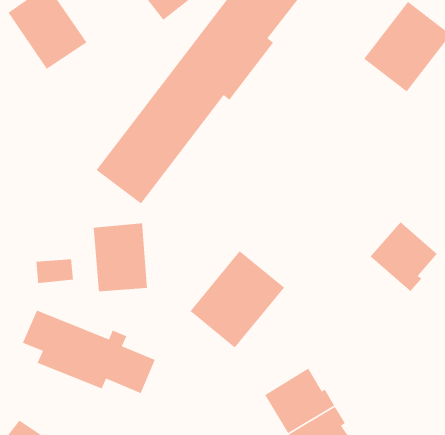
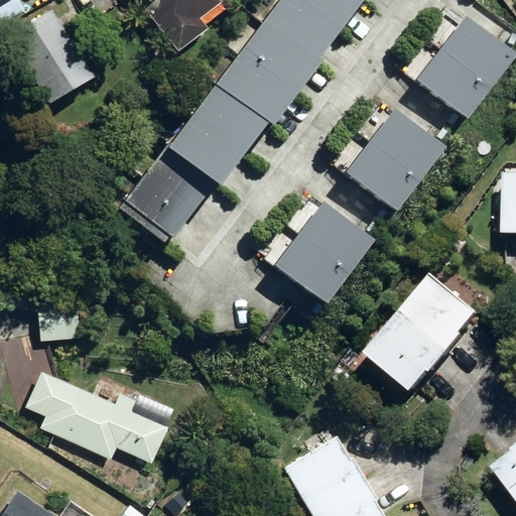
building: none -> [337,120,434,220]
building: [93,223,148,292] -> none
building: [189,250,285,349] -> [258,210,364,318]
building: none -> [379,310,460,386]

